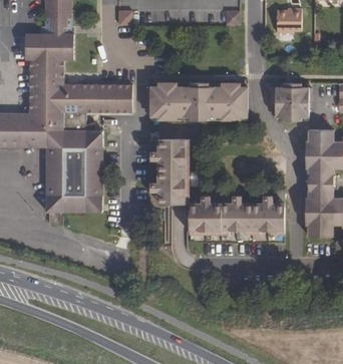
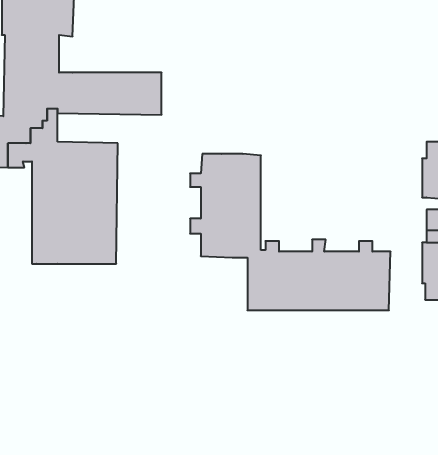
building: [150,82,247,139] -> none
building: [272,86,310,119] -> none

